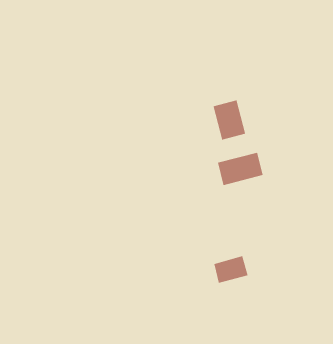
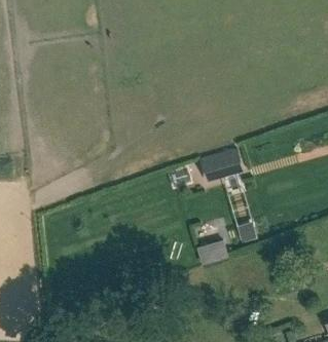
building: [213,99,246,140] -> none

